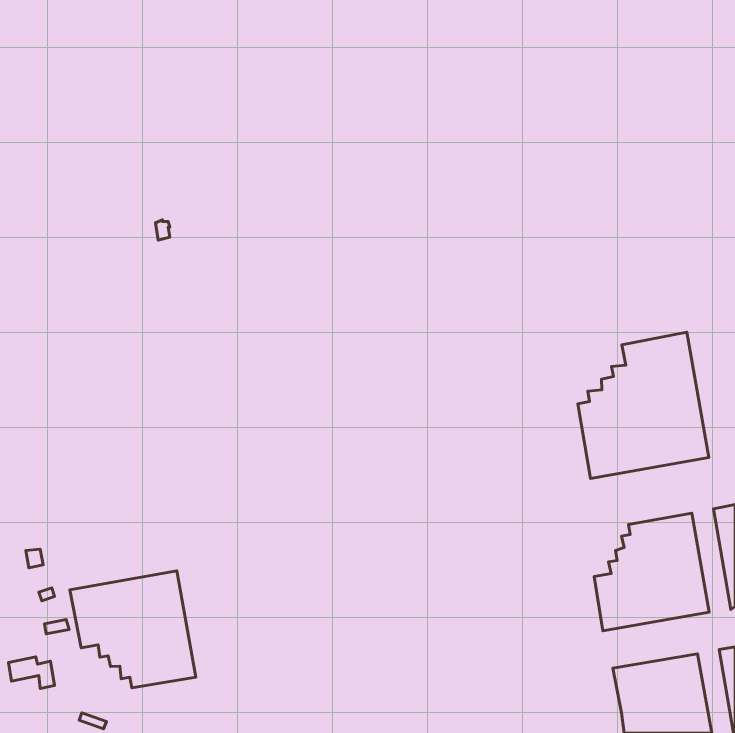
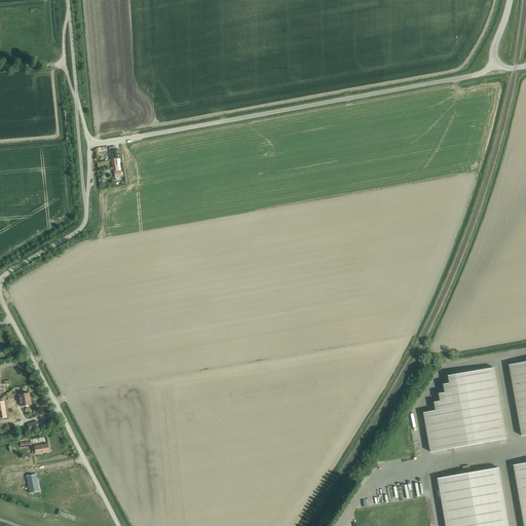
building: [578,332,709,478] -> none
building: [70,571,196,688] -> none

